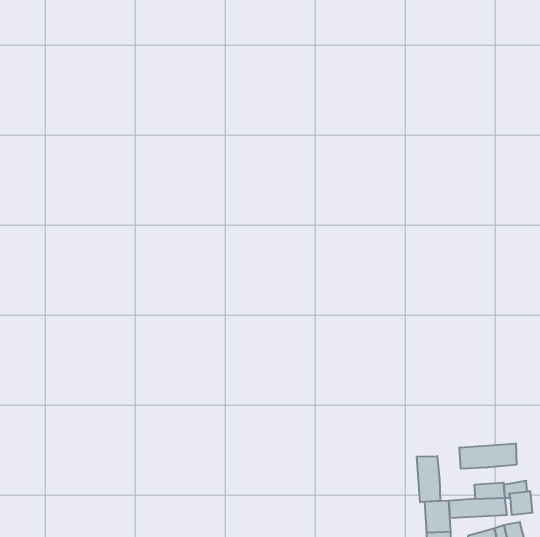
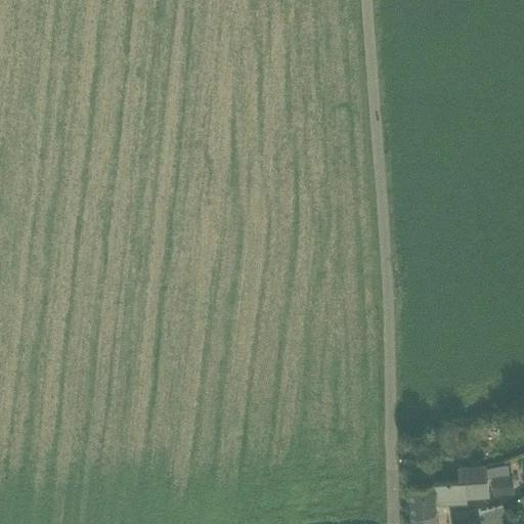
building: [459,443,516,469] -> none
building: [417,456,440,502] -> none

